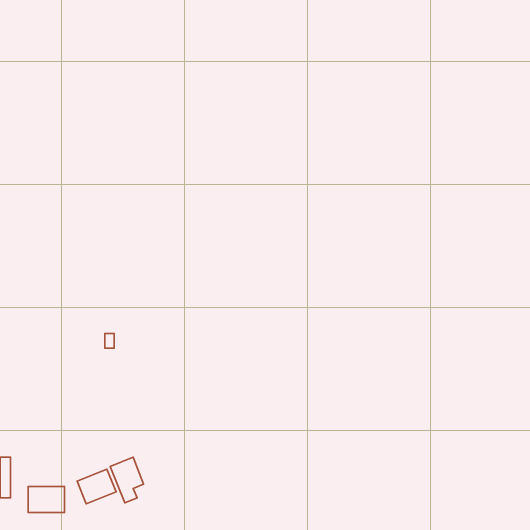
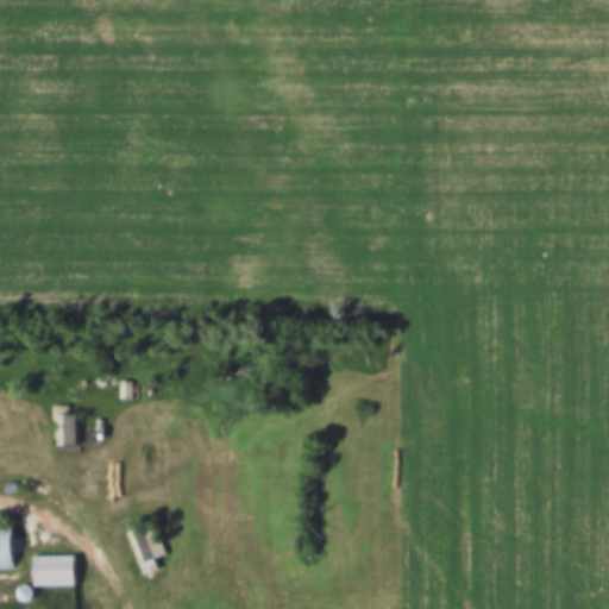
building: none -> [56,406,77,446]
building: [77,469,116,504] -> none

